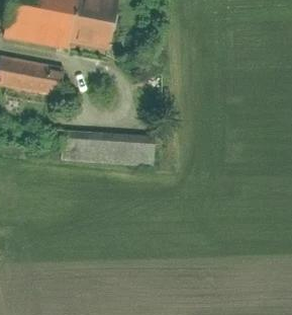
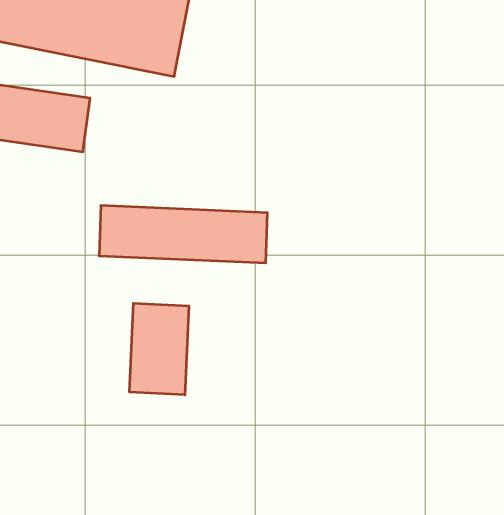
building: none -> [130,303,189,395]

